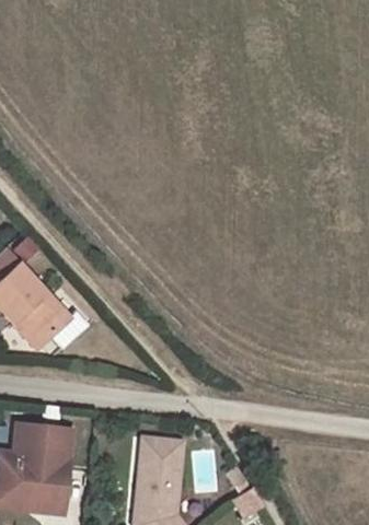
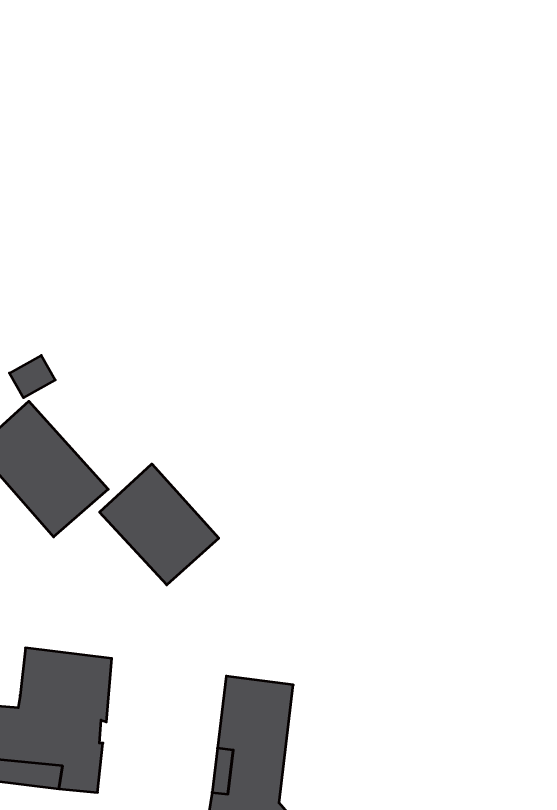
building: none -> [100,464,219,585]

